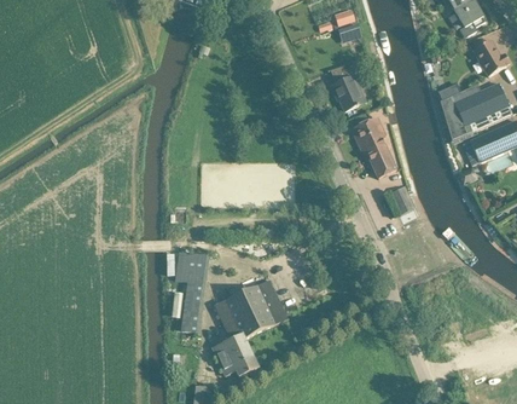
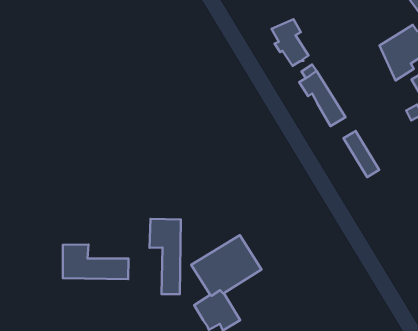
building: none -> [63,244,129,279]

